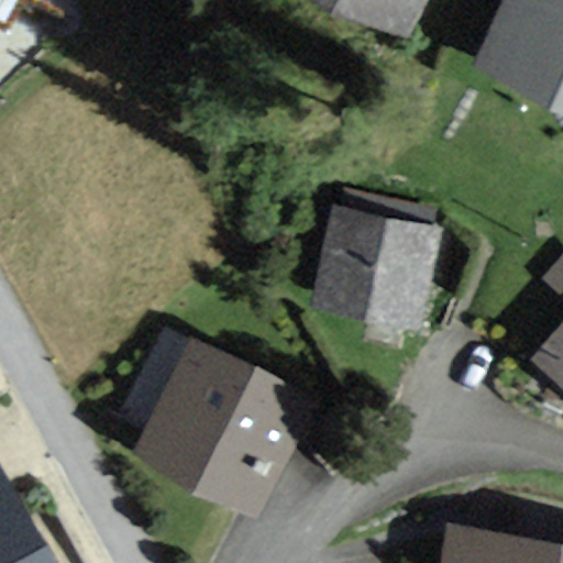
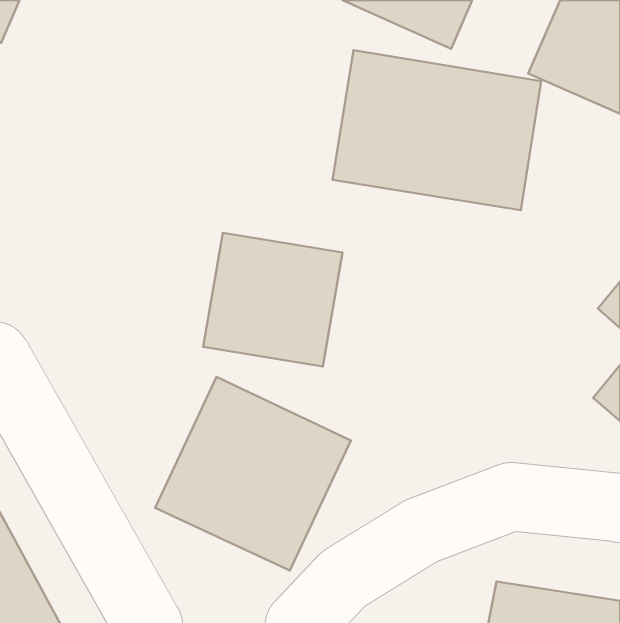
building: none -> [332,50,541,210]
building: [308,206,433,325] -> [203,233,343,366]

